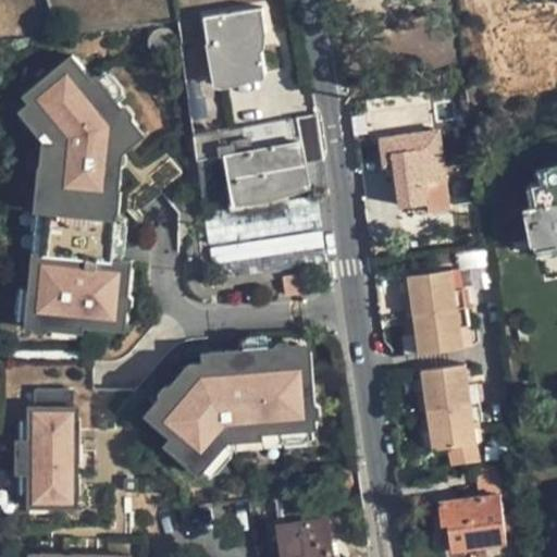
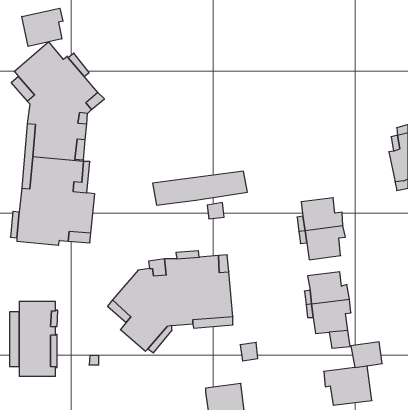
building: [205,8,265,76] -> none
building: none -> [22,8,63,46]
building: [193,114,320,199] -> none
building: [380,133,448,210] -> none
building: [200,196,329,243] -> none

